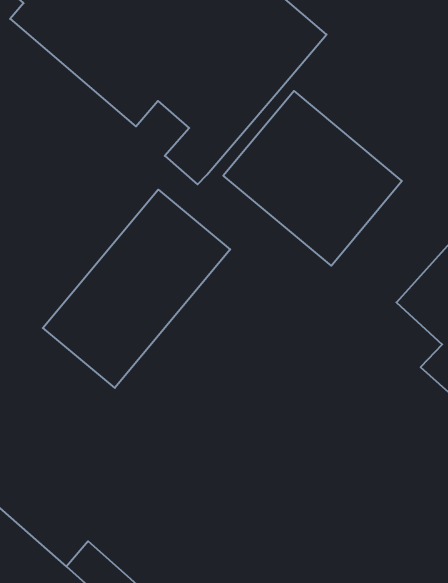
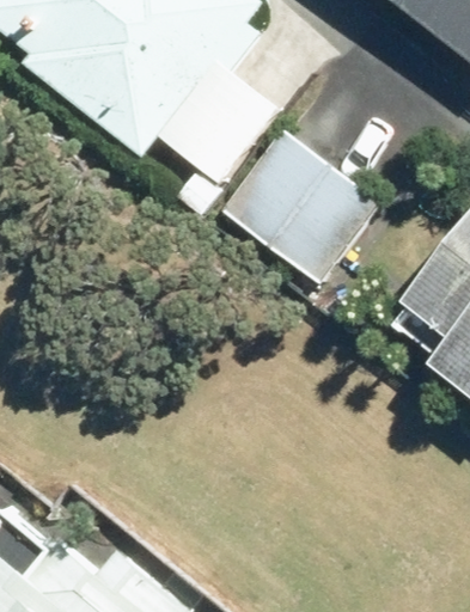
building: [43,190,230,388] -> none

